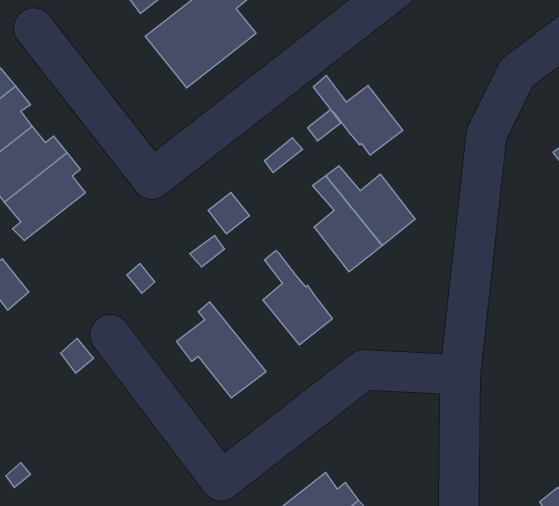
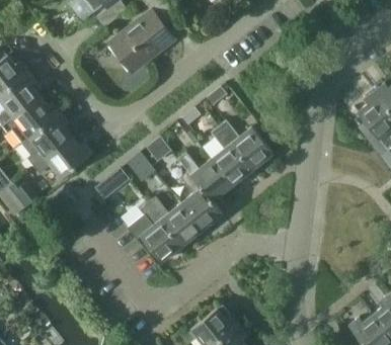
building: [313,76,403,155] -> [177,152,232,200]
building: none -> [33,137,92,178]
building: none -> [147,196,202,246]

